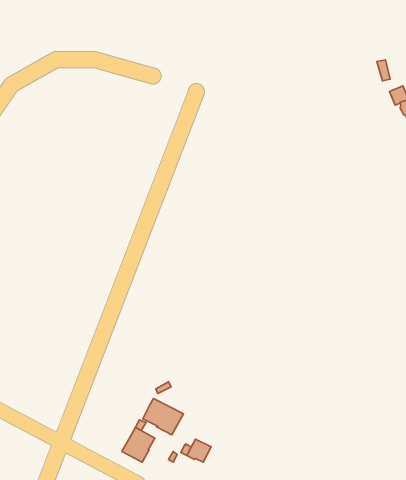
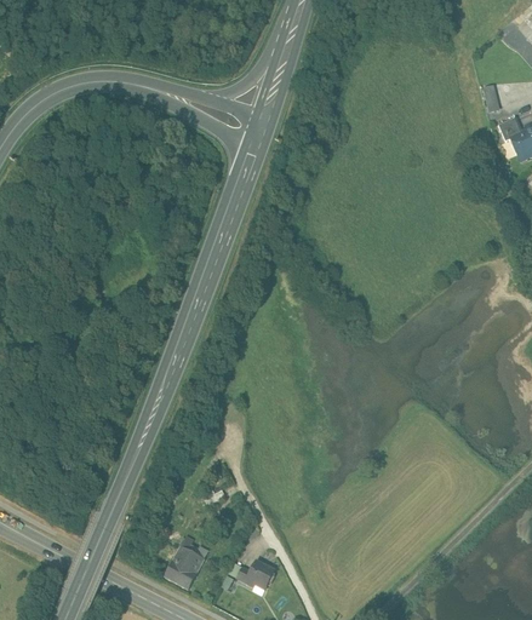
building: [143,398,183,435] -> none

